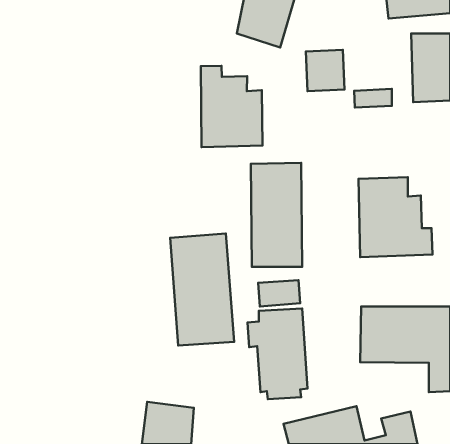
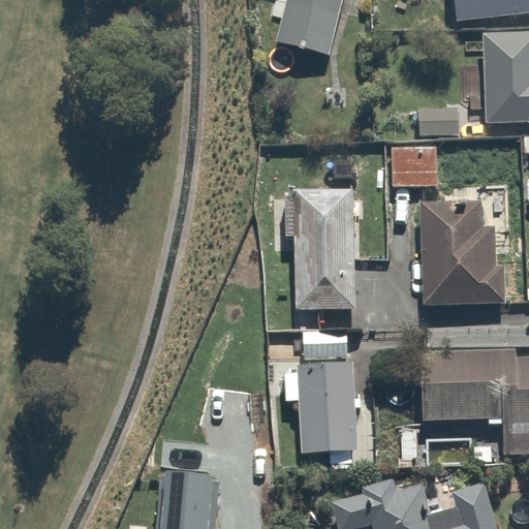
building: [306,50,345,91] -> [391,137,436,186]
building: [201,66,262,147] -> none
building: [170,233,234,346] -> none

